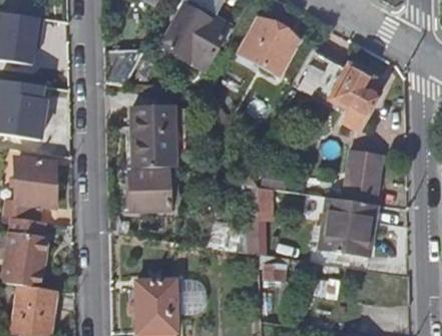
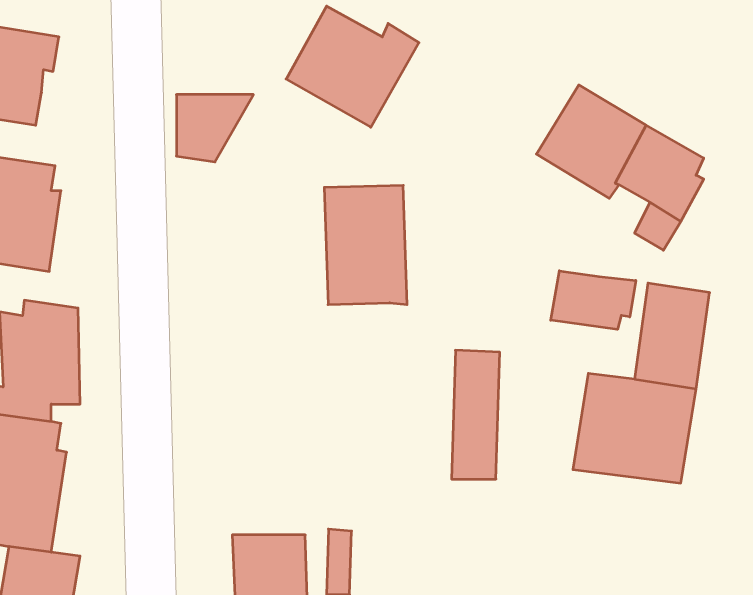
building: [244,14,303,74] -> none
building: [130,107,173,170] -> [324,185,407,305]
building: none -> [551,271,636,329]
building: [131,174,170,212] -> none

